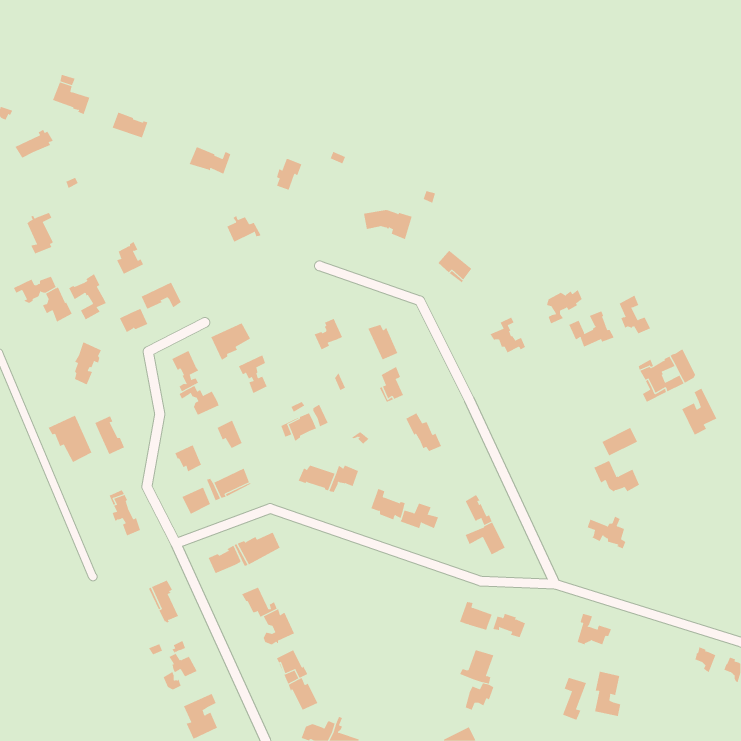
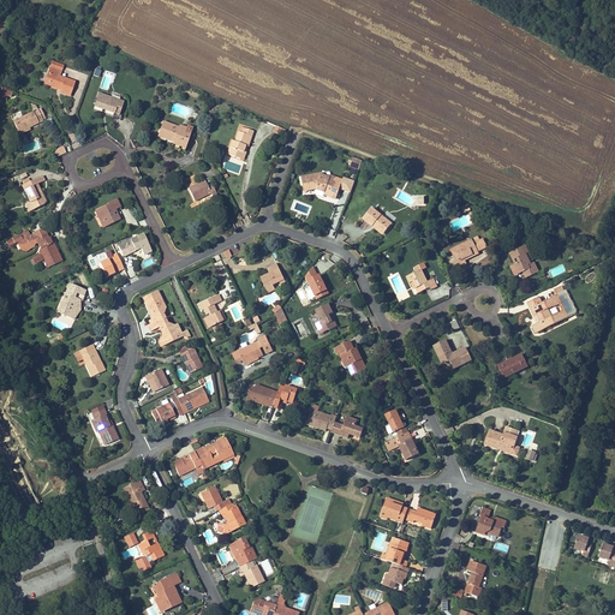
building: [69,273,107,320] -> none
building: [569,311,614,348] -> none
building: [210,322,251,361] -> none
building: [681,388,717,435] -> none
building: [48,415,92,463] -> none
building: [593,460,640,492] -> [432,339,471,365]
building: [594,671,621,717] -> none

